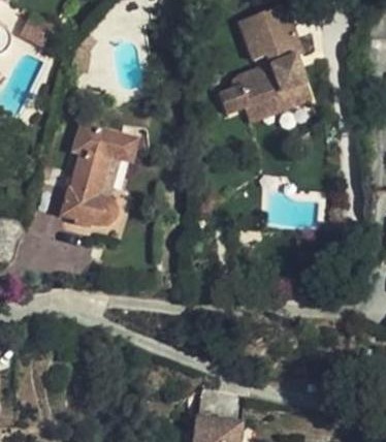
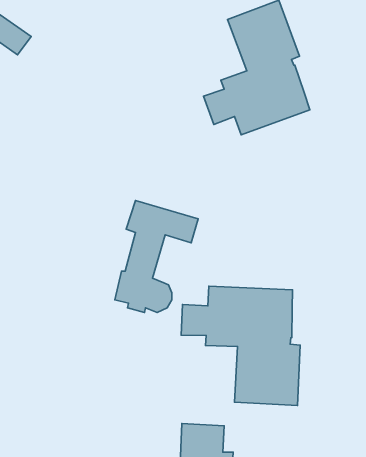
building: [62,123,137,224] -> [115,201,198,312]
building: none -> [181,286,300,405]

